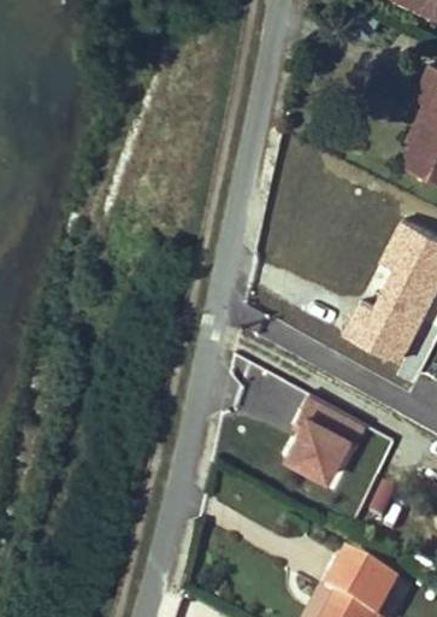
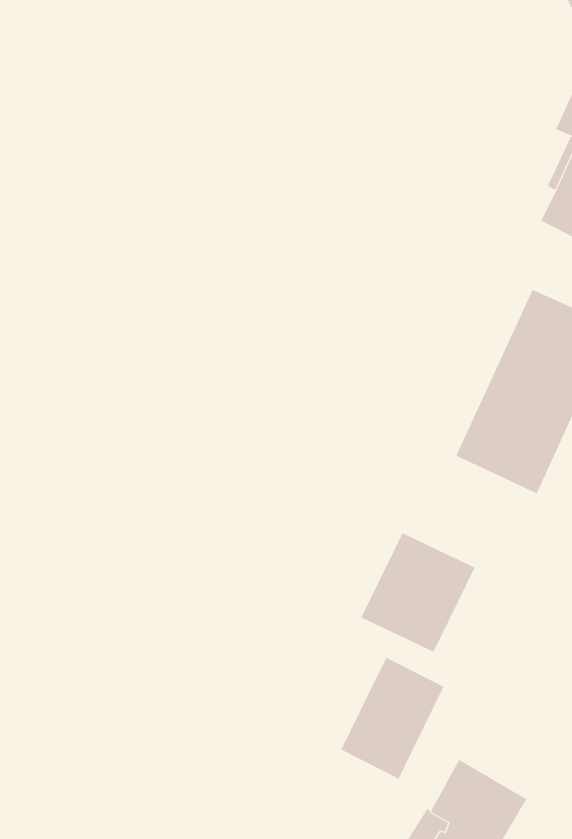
building: none -> [341,657,444,779]

